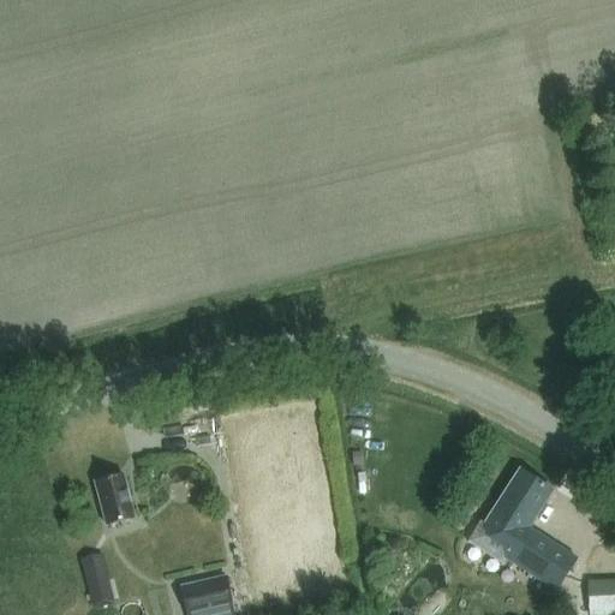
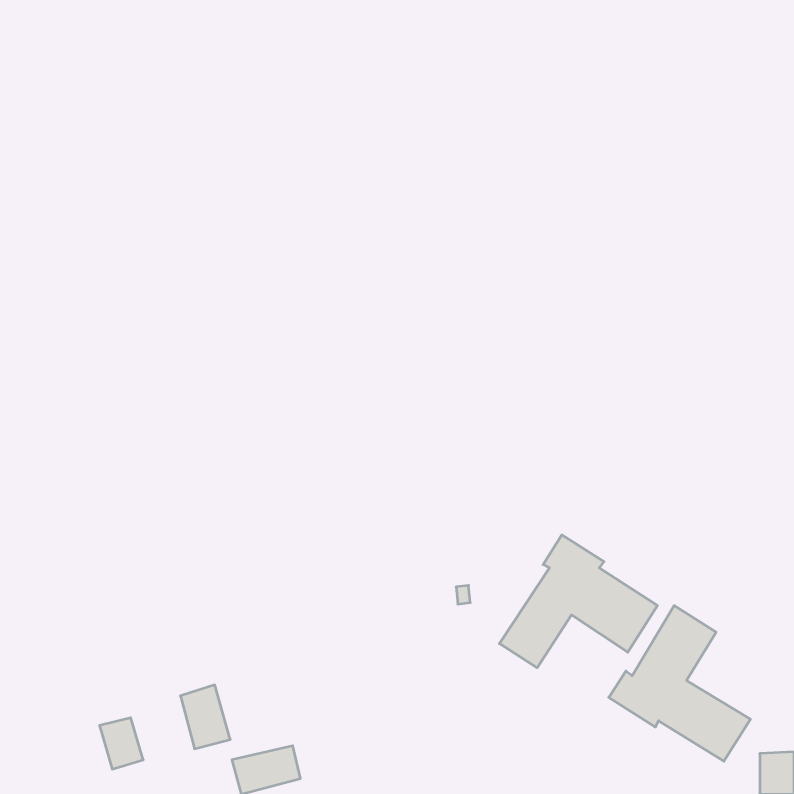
building: none -> [499,535,657,668]
building: [96,471,135,520] -> [180,685,230,749]

